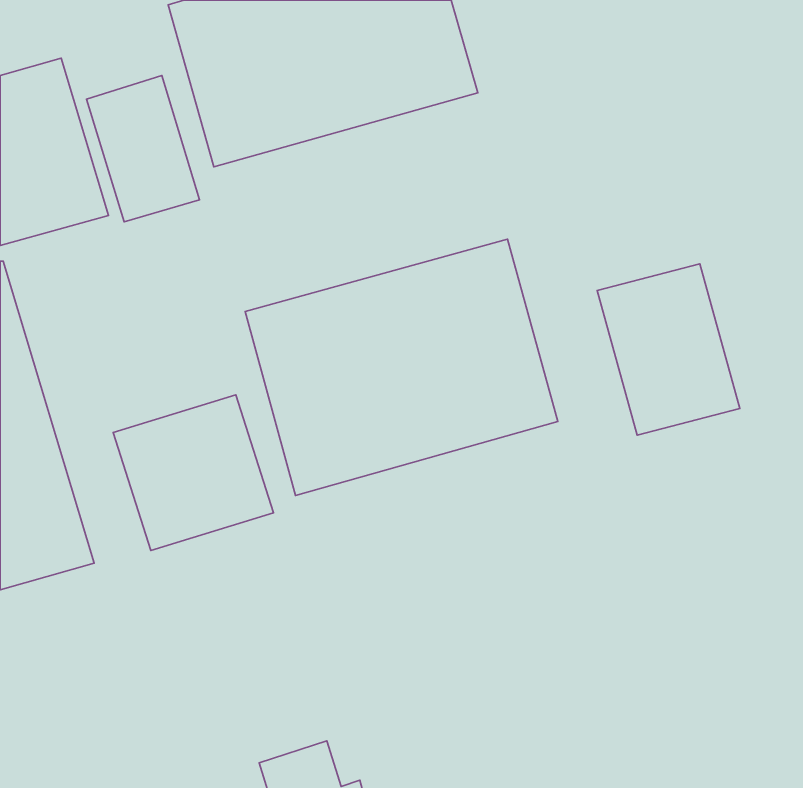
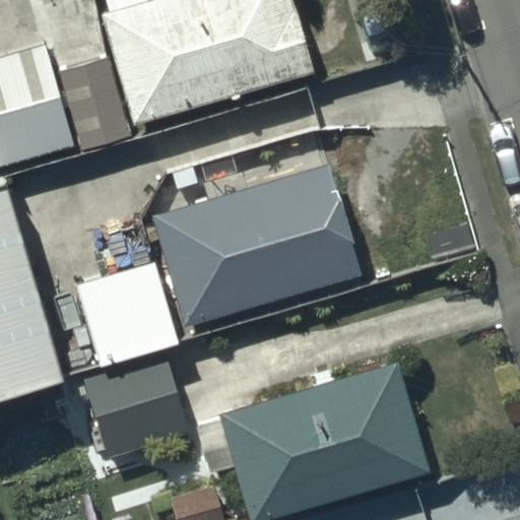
building: [597,264,740,435] -> none
building: none -> [79,359,185,456]
building: none -> [230,367,428,514]

